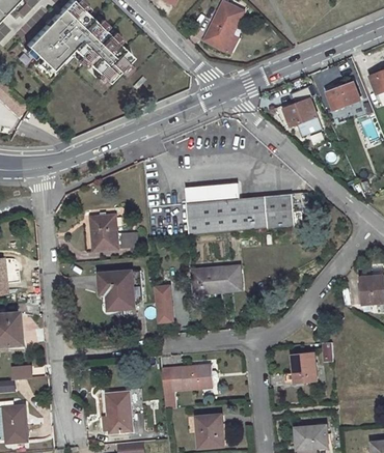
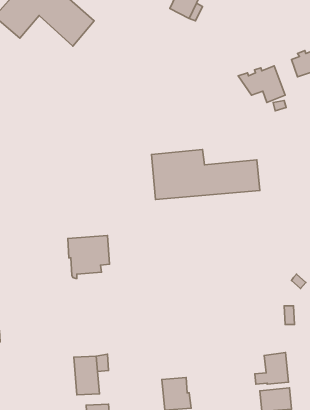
building: [91,215,119,250] -> none
building: [193,265,242,291] -> none
building: [153,282,172,321] -> none
building: [282,350,317,383] -> [255,352,289,384]
building: [162,364,213,407] -> none

